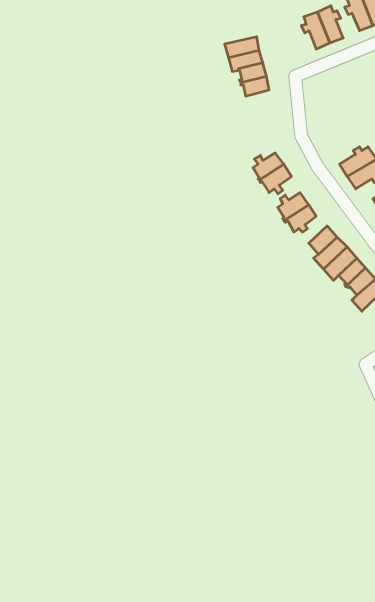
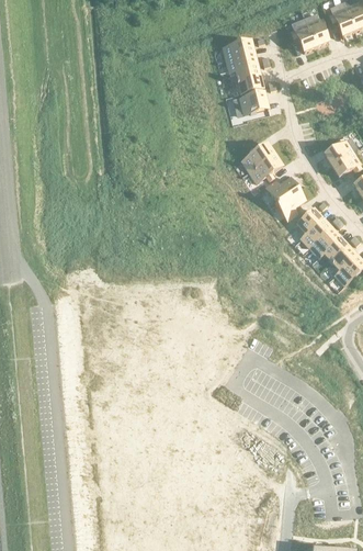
building: none -> [230,92,265,114]

